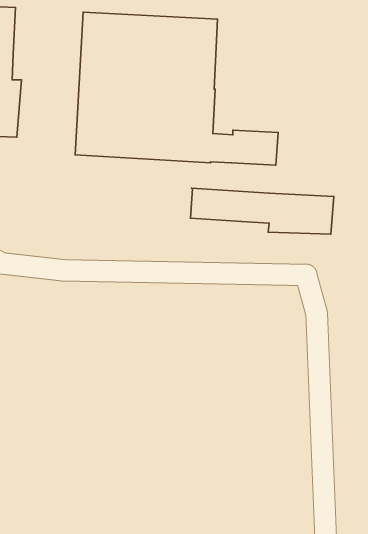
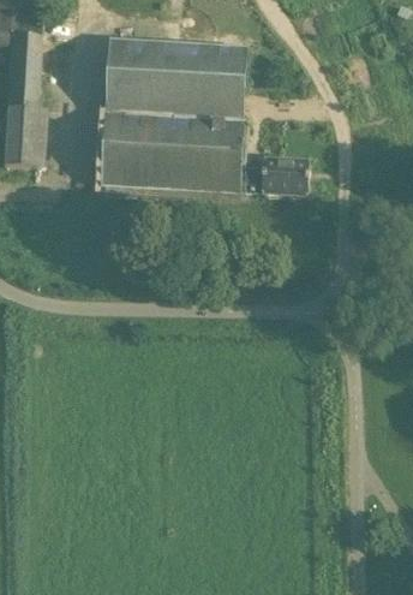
building: [190,188,334,234] -> none

